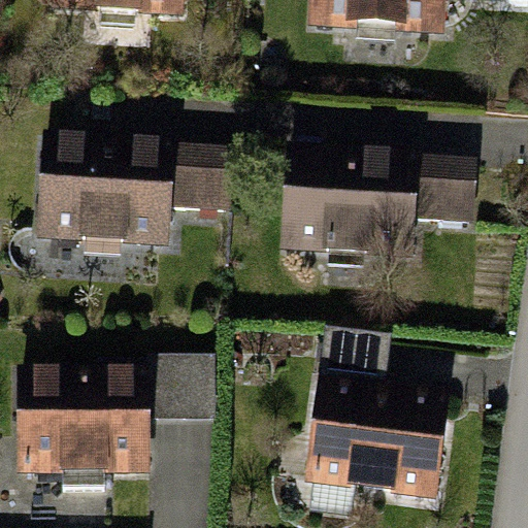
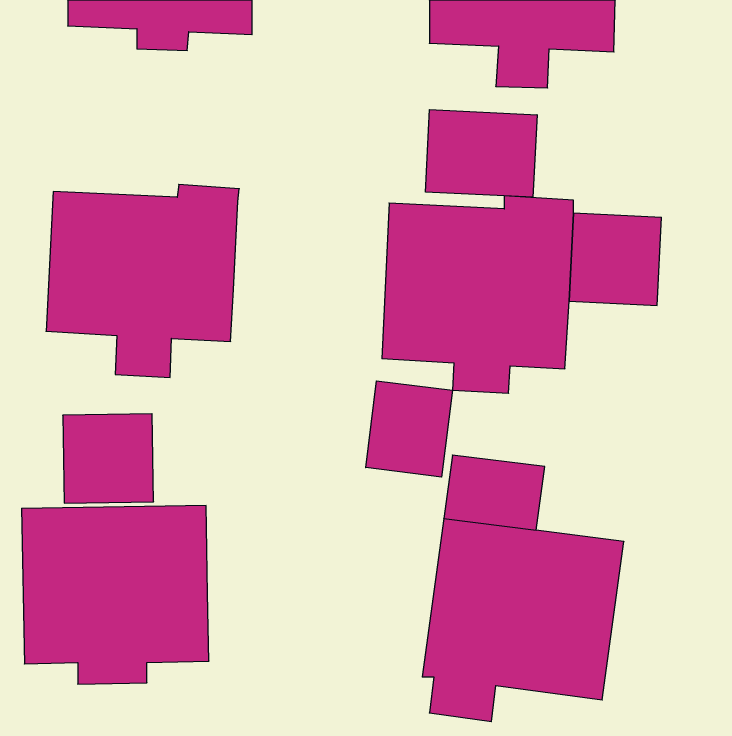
building: none -> [426,110,537,197]
building: [170,144,237,210] -> none
building: none -> [366,381,452,477]
building: [151,361,216,425] -> [63,414,154,503]

